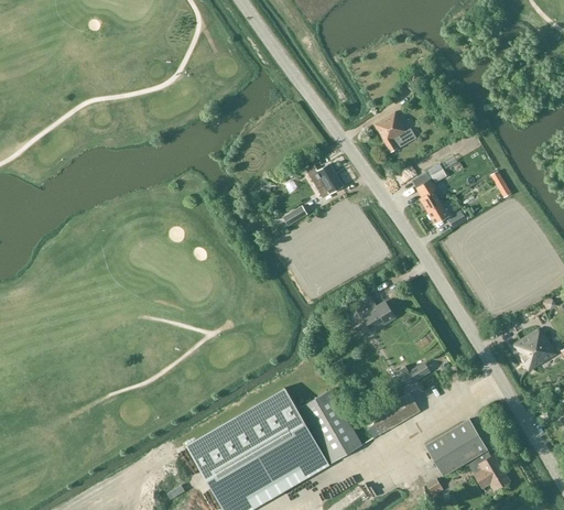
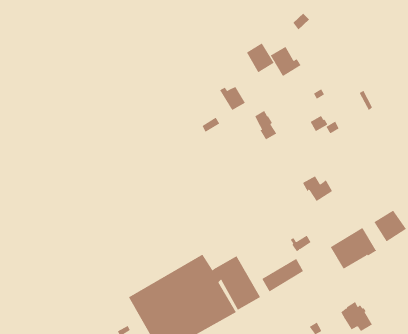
building: none -> [246,43,275,73]
building: [413,173,443,213] -> [255,110,277,140]
building: [354,296,394,332] -> [302,175,333,202]
building: [425,420,488,476] -> [330,227,377,269]

